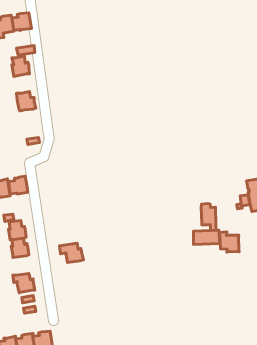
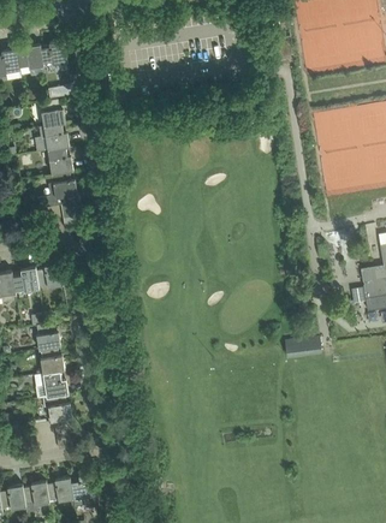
building: none -> [34,123,69,151]
building: none -> [37,171,77,207]
building: [201,203,216,230] -> none
building: [219,232,239,252] -> none
building: [60,243,83,263] -> [36,370,69,397]

